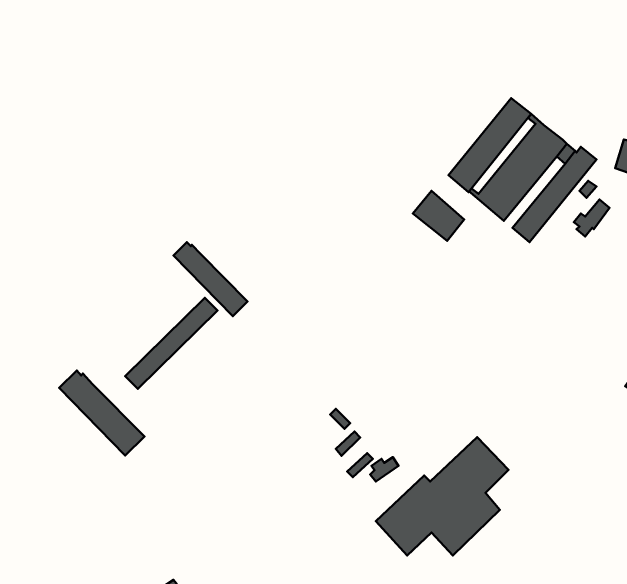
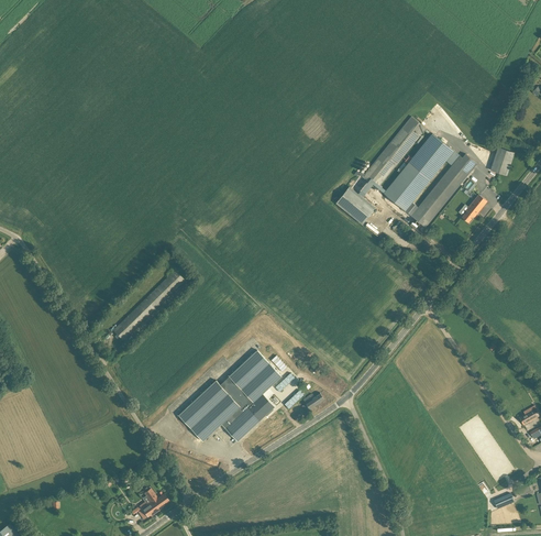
building: [173,242,248,316] -> none
building: [59,371,144,456] -> none
building: [376,437,508,555] -> [178,351,280,442]

